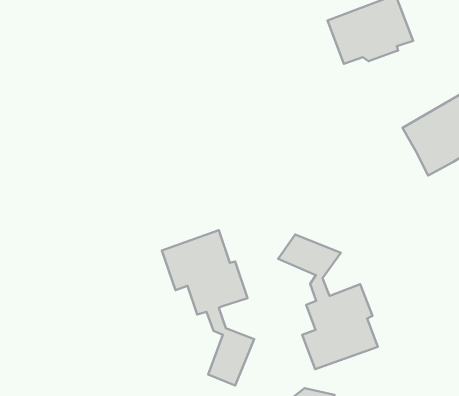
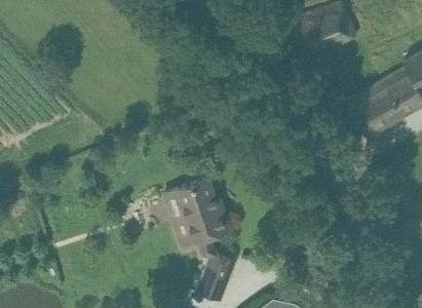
building: [278,235,378,369] -> none

